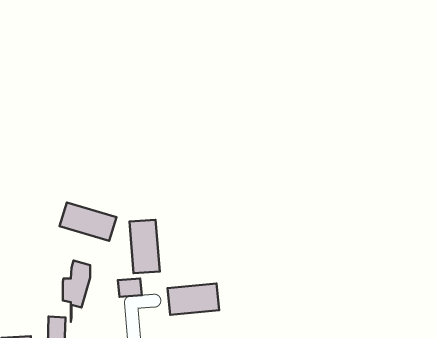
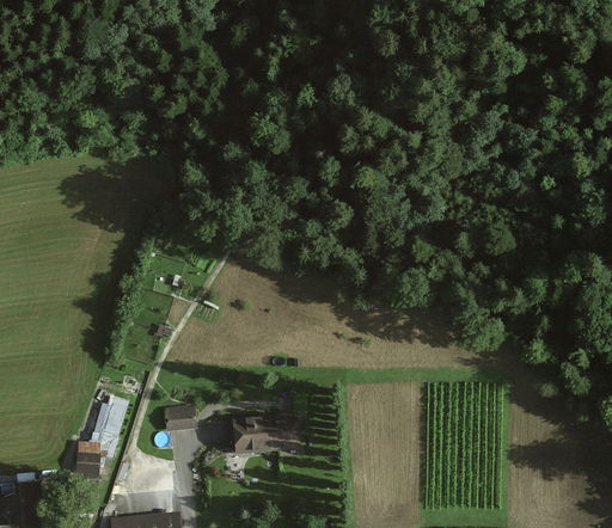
building: [59,203,116,241] -> none
building: [129,220,160,273] -> none

